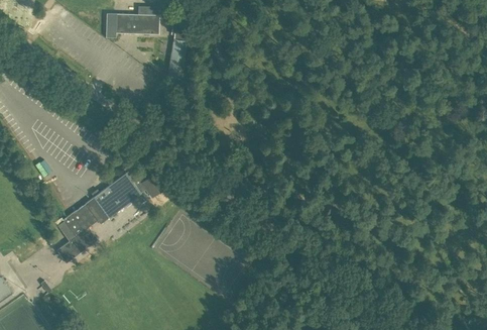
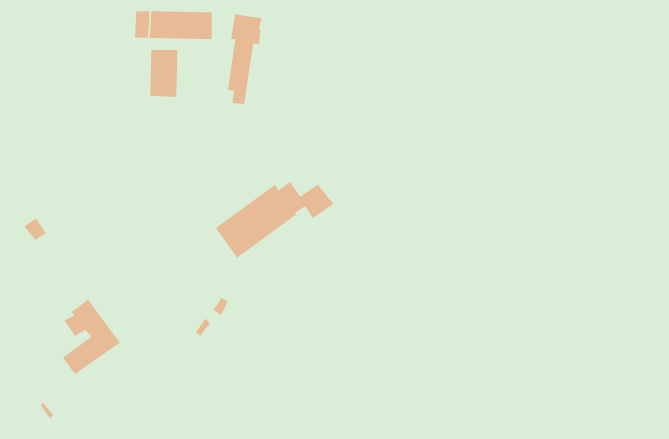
building: none -> [149,49,178,98]
building: [83,171,164,224] -> [215,181,335,259]

